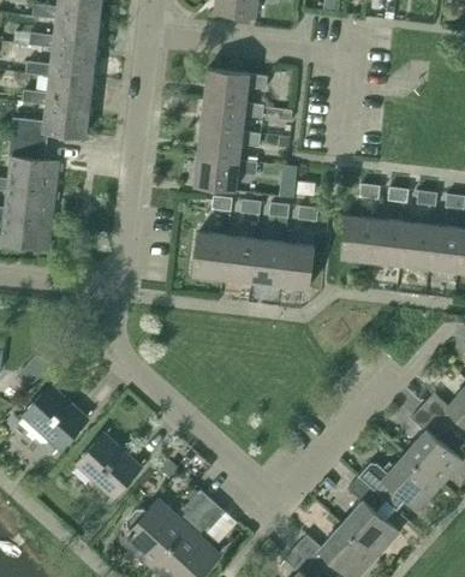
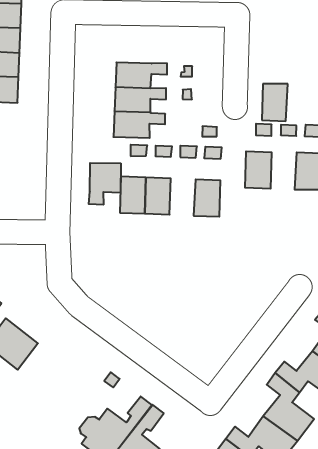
building: [204,69,267,103] -> none
building: none -> [89,163,121,205]
building: [371,219,405,264] -> [262,84,288,121]
building: [251,239,285,285] -> none
building: [77,435,139,496] -> none

